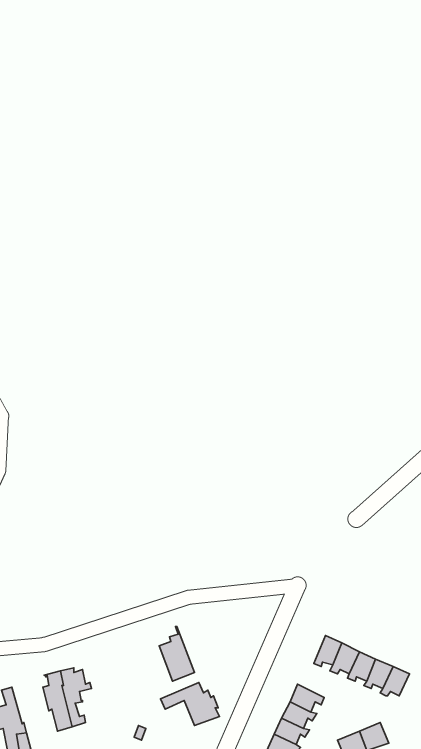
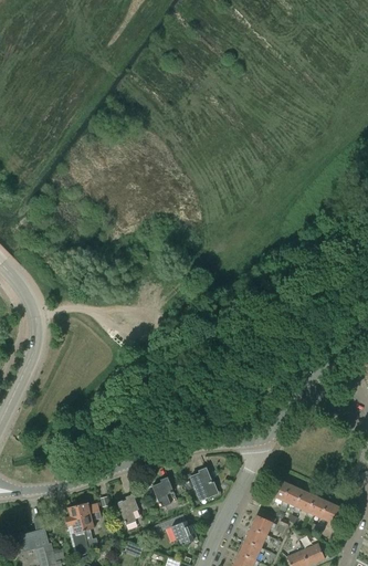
building: none -> [190,468,218,502]
building: none -> [117,493,143,525]

